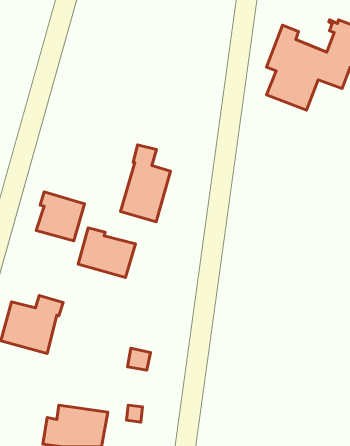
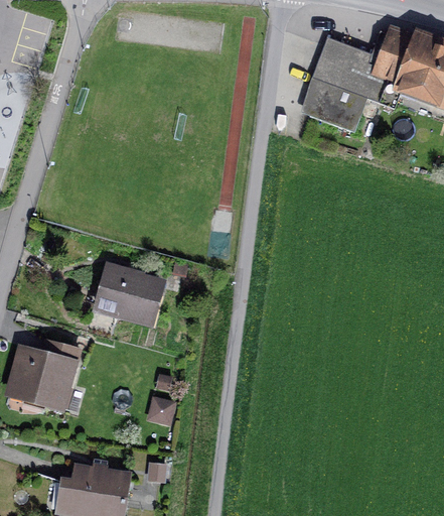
building: [120,145,170,222] -> none
building: [36,192,85,241] -> none

